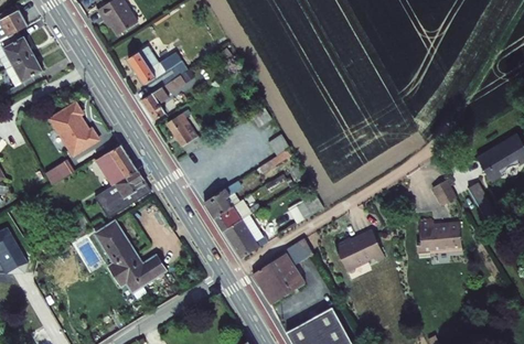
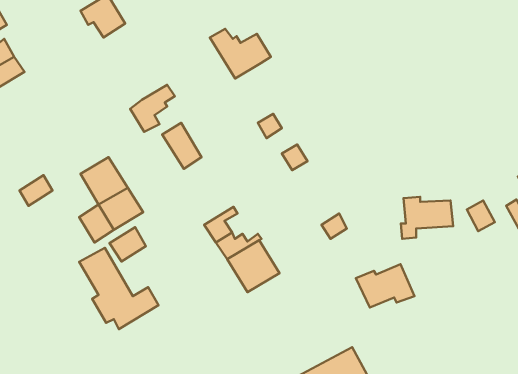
building: [127,50,180,93] -> [210,29,271,78]
building: [50,100,98,153] -> none
building: none -> [109,227,146,262]
building: [416,222,461,258] -> [401,197,453,239]
building: [253,240,314,305] -> none

